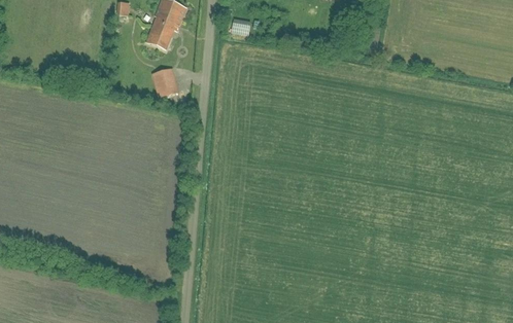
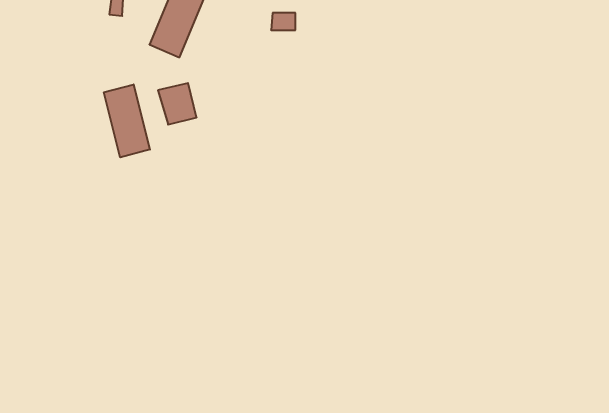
building: none -> [104,84,150,157]

